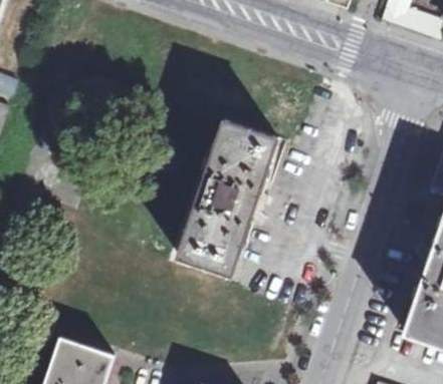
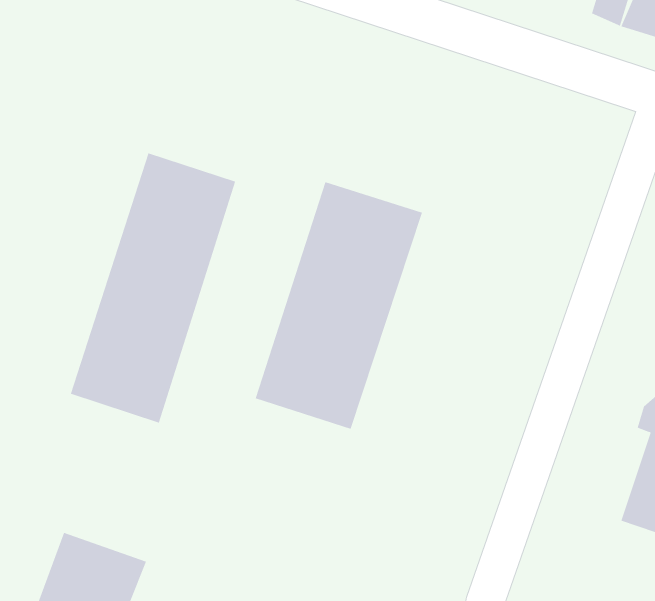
building: none -> [70,153,236,423]

